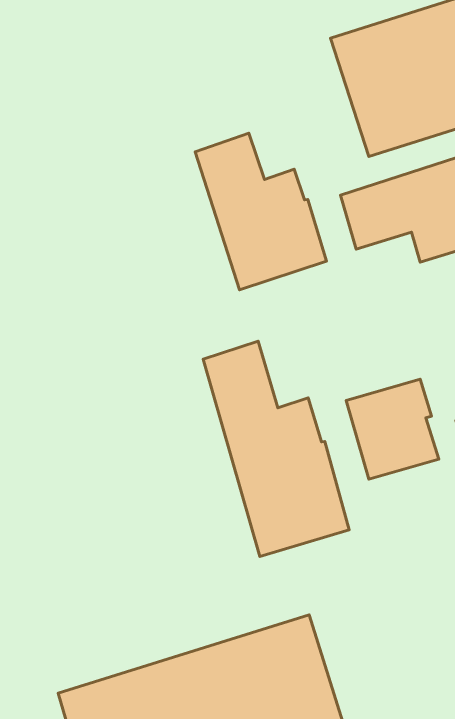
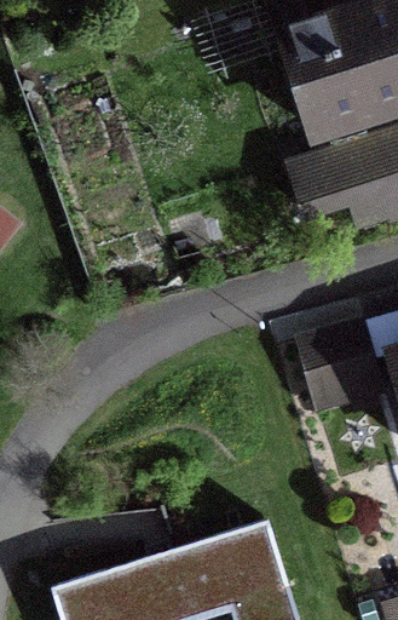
building: [195,133,327,290] -> none
building: [203,341,349,557] -> none

